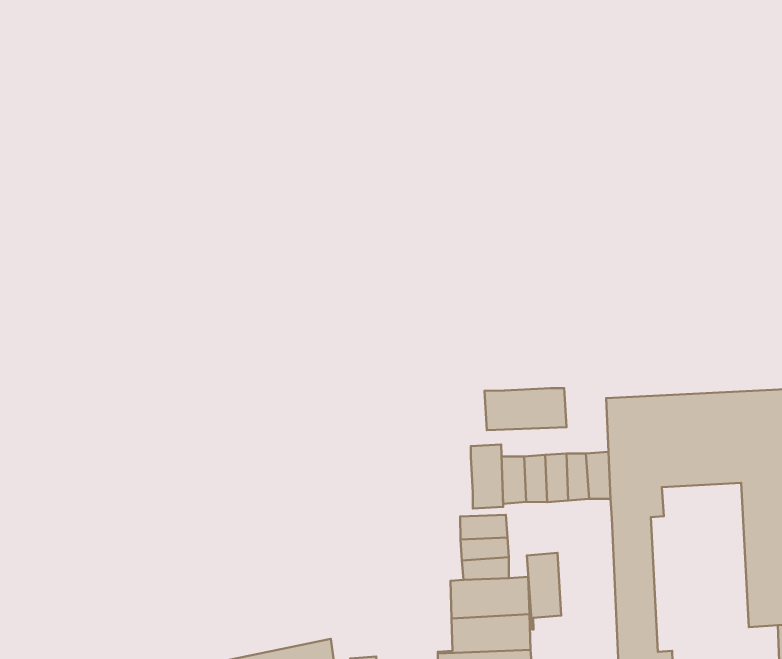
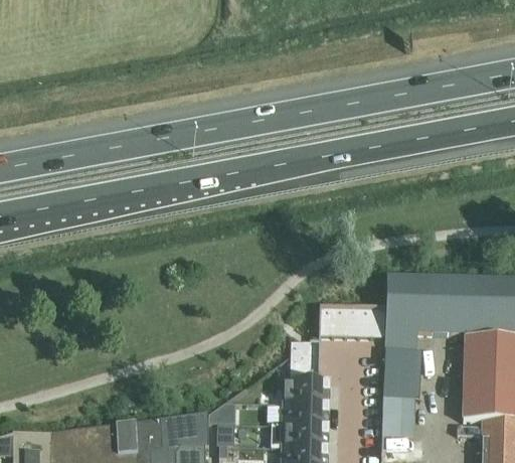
building: [485,388,567,430] -> none
building: [471,444,503,508] -> none
building: [527,553,561,630] -> none

